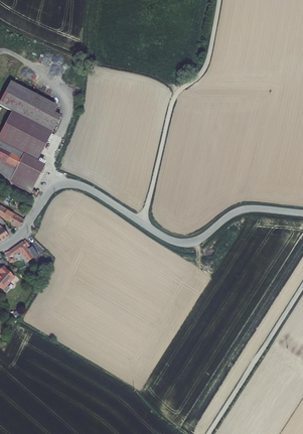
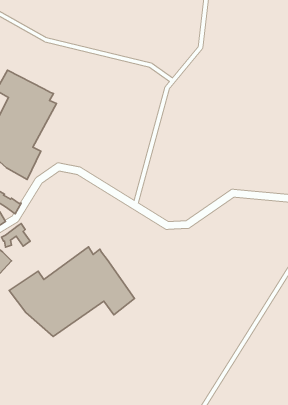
building: none -> [9,247,135,337]

